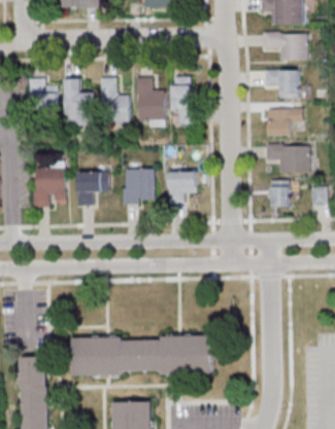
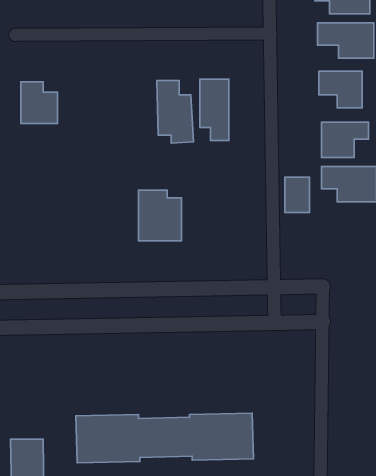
building: [99,76,127,120] -> none
building: [63,77,93,124] -> none
building: [75,165,107,205] -> none
building: [32,167,63,207] -> none
building: [166,170,197,203] -> none
building: [269,179,289,207] -> [285,177,310,212]

